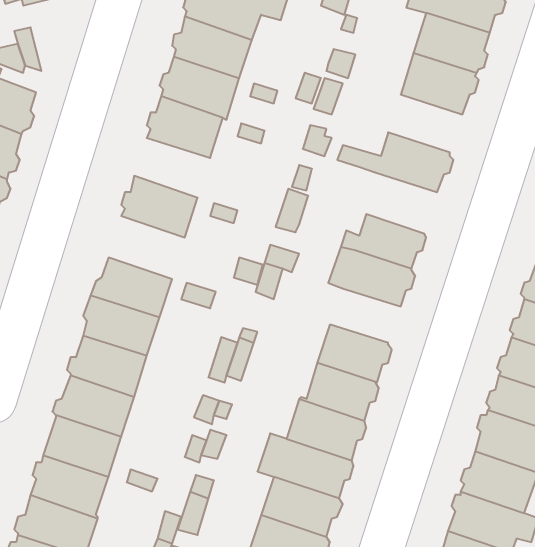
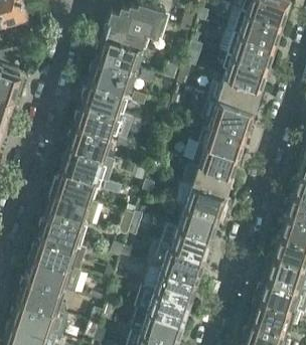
building: none -> [208,77,258,110]
building: none -> [75,102,118,135]
building: none -> [201,121,244,155]
building: none -> [61,145,104,180]
building: none -> [184,185,224,215]

